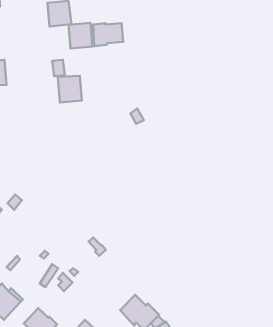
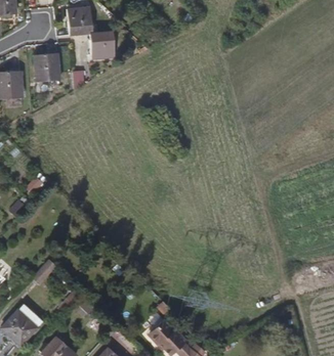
building: [93,23,123,46] -> none
building: [58,76,82,103] -> [34,52,59,81]

